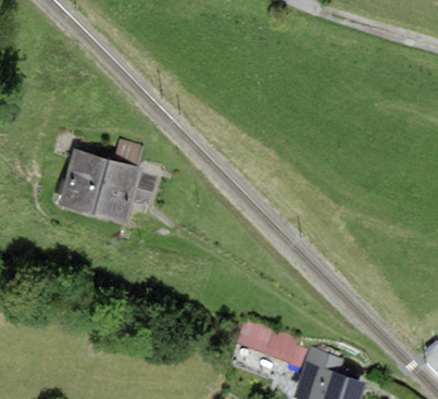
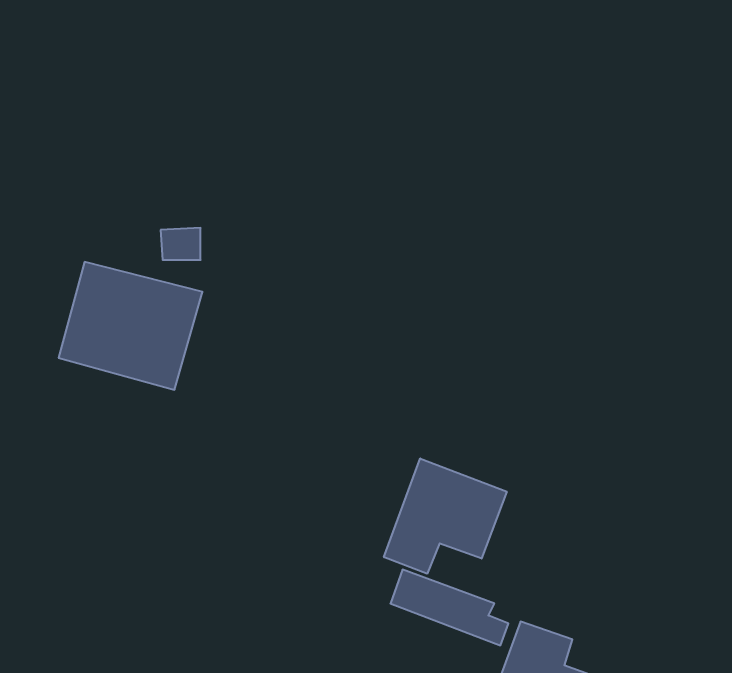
building: none -> [384,458,507,574]

